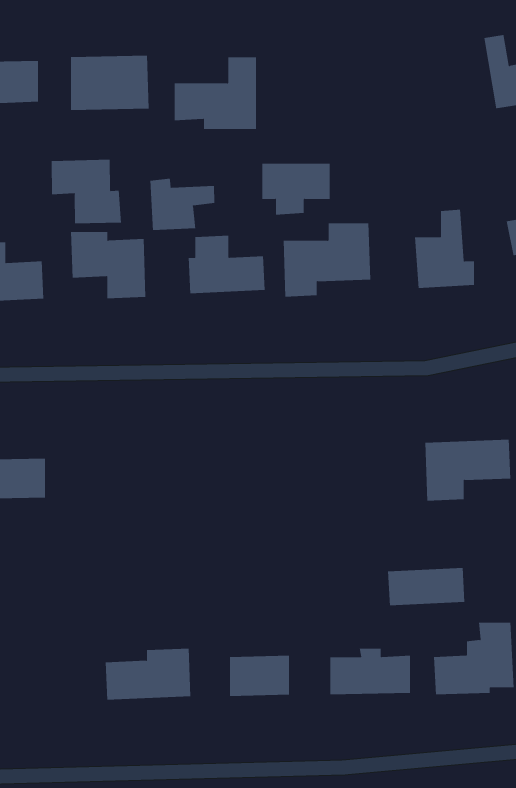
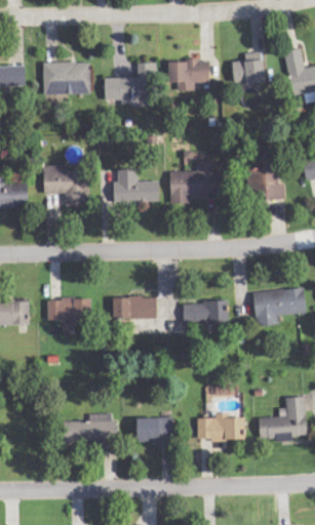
building: none -> [232,52,265,83]
building: [51,159,121,224] -> none
building: [261,163,331,215] -> [168,60,209,91]
building: [150,178,215,231] -> none
building: none -> [113,296,156,320]
building: none -> [46,298,91,320]
building: [387,568,465,606] -> [183,301,229,324]

